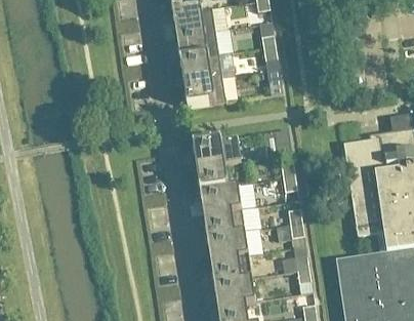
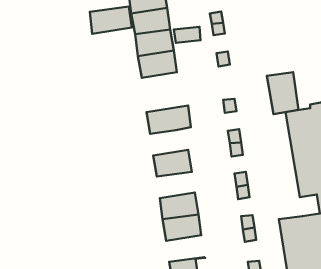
building: none -> [90,7,132,34]
building: none -> [267,72,298,114]
building: [197,163,238,191] -> none
building: [204,208,245,237] -> none
building: [214,277,255,306] -> none

